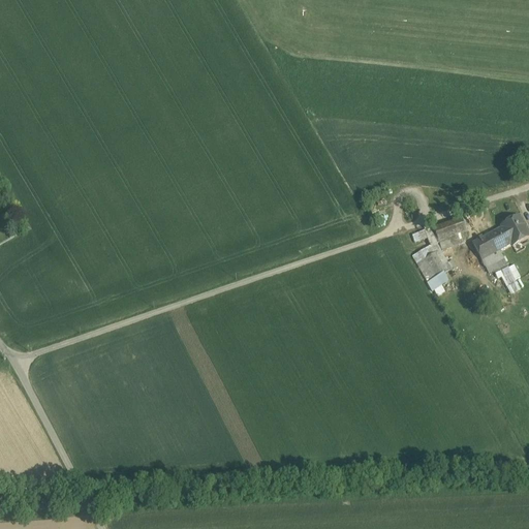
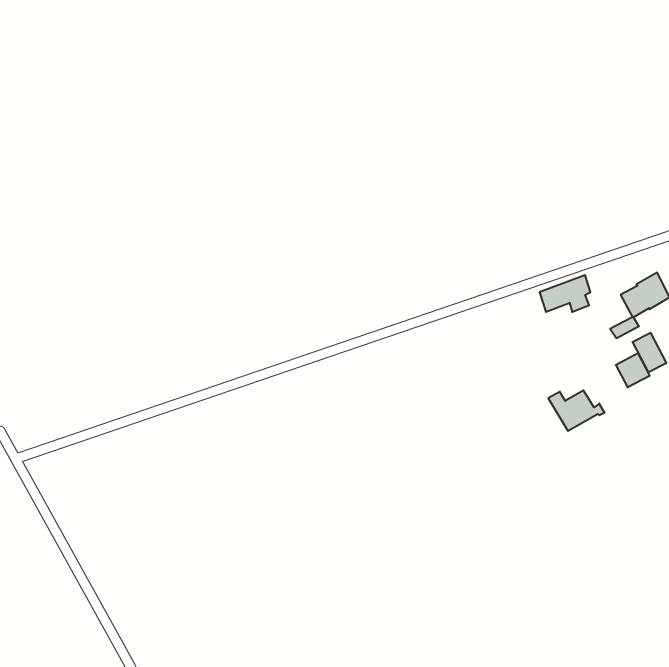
building: [472,232,499,259] -> [616,353,650,387]
building: [412,249,457,281] -> [548,390,605,431]

